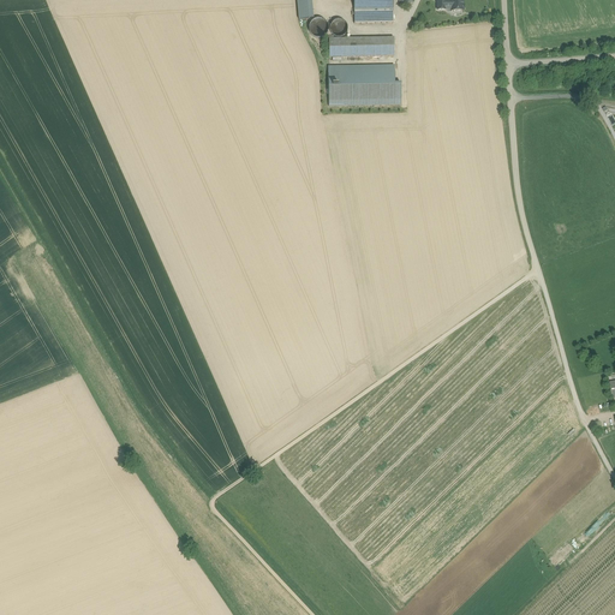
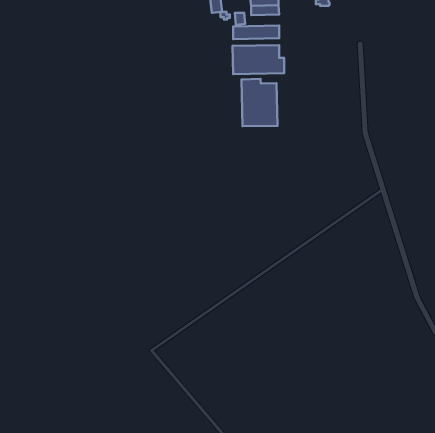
building: none -> [242,79,277,126]

